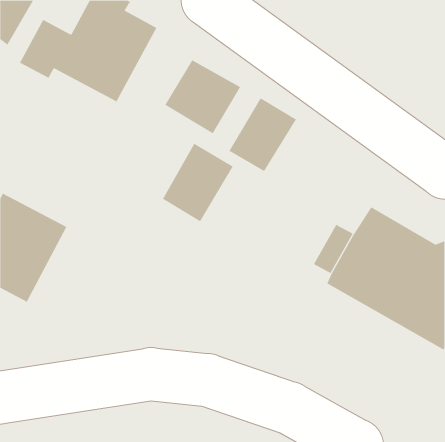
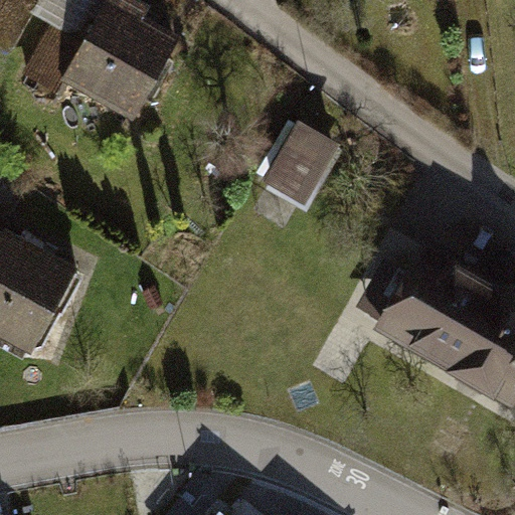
building: [165,59,241,134] -> none
building: [162,143,234,222] -> none

